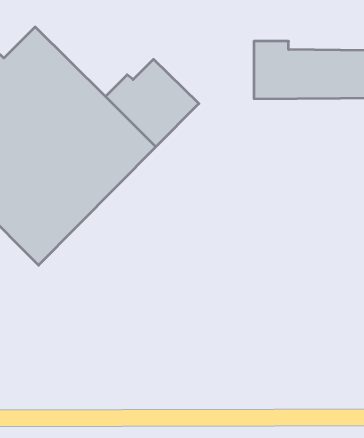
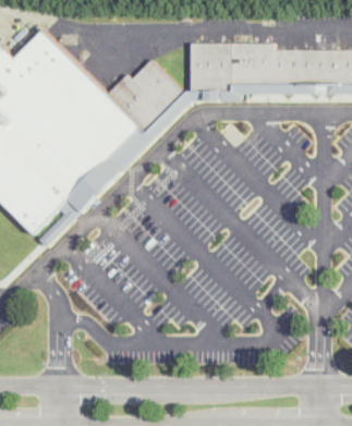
building: none -> [190,44,241,101]

